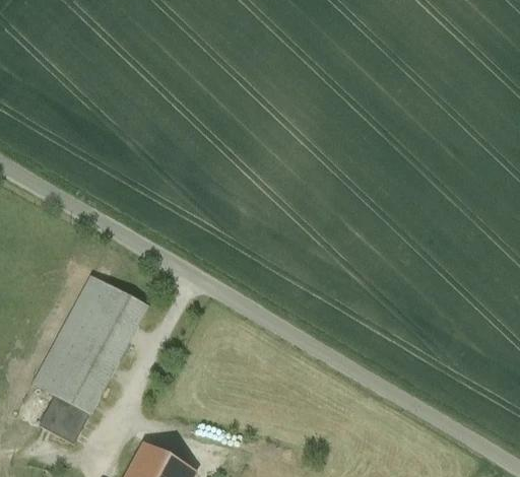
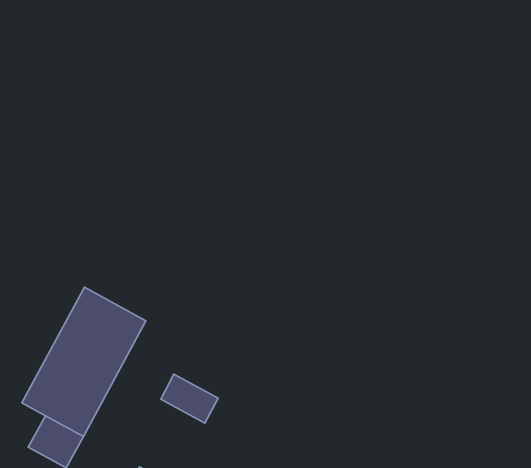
building: none -> [161,374,218,423]

